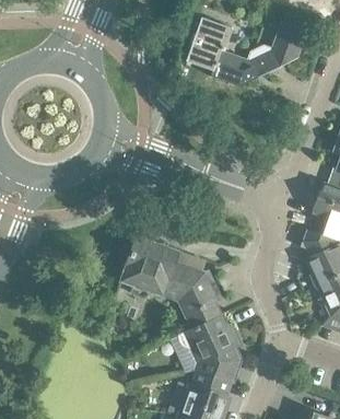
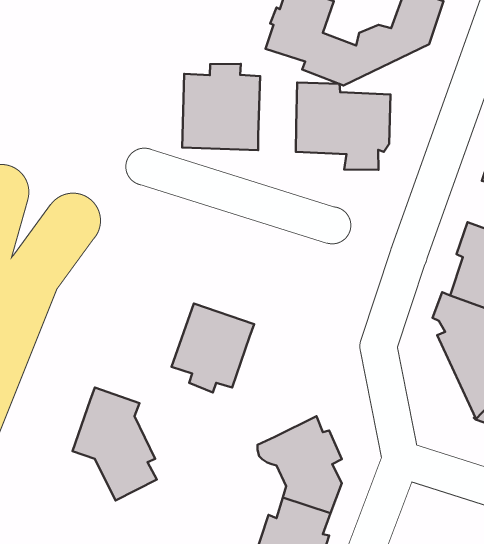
building: none -> [182,64,260,150]
building: none -> [296,82,391,170]
building: [162,251,220,328] -> [73,387,157,500]

